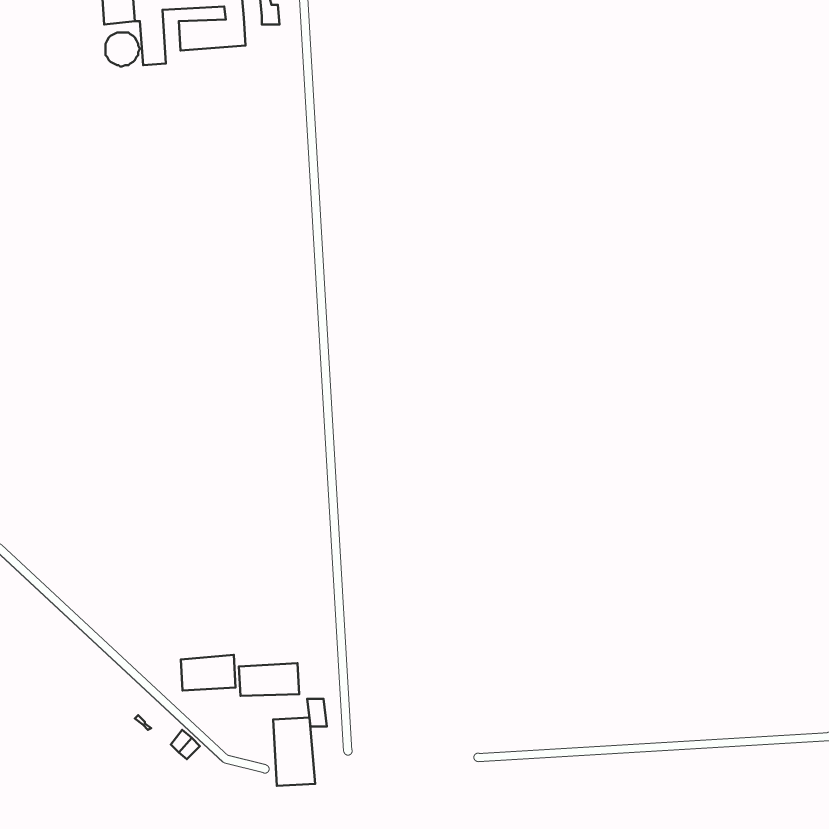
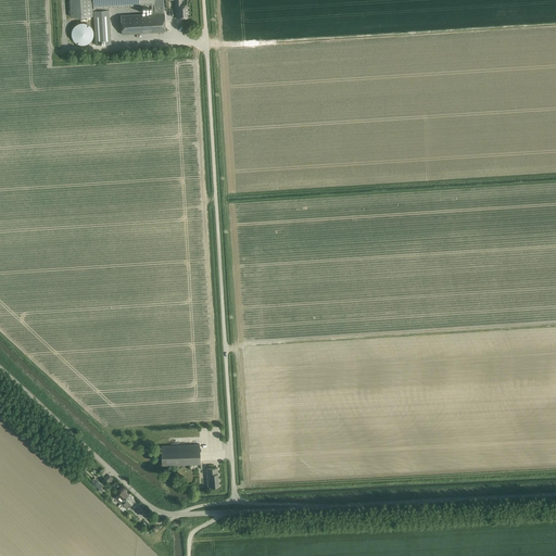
building: [181,655,236,690] -> none
building: [273,717,315,786] -> none

